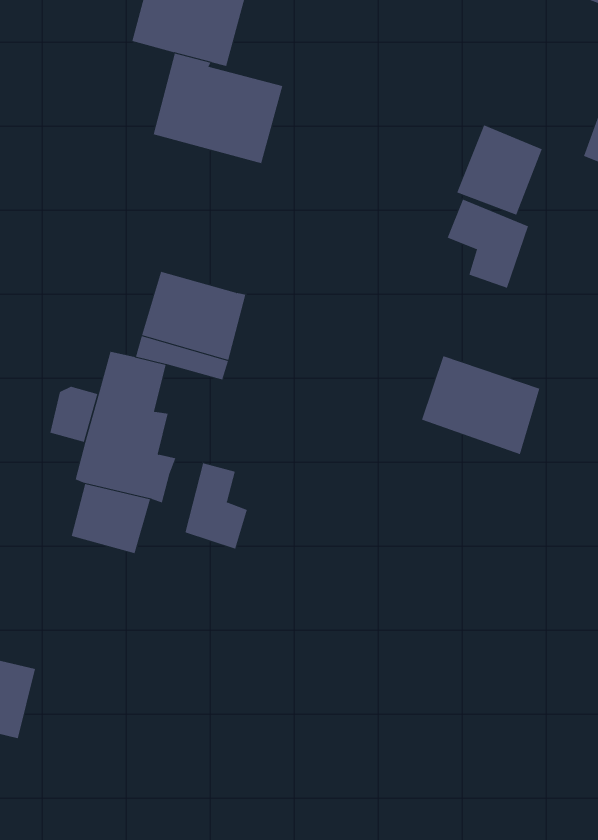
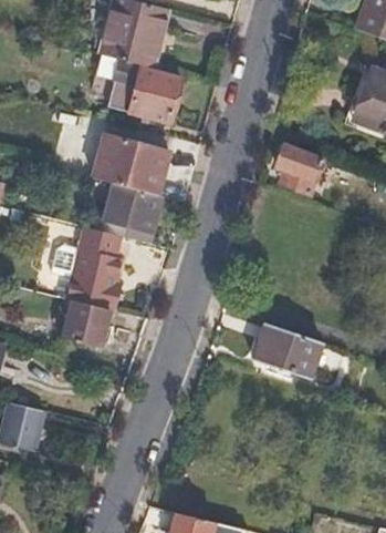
building: [456,124,543,215] -> none
building: none -> [93,135,168,195]
building: [421,355,540,455] -> [253,321,321,378]
building: [185,462,247,550] -> none

